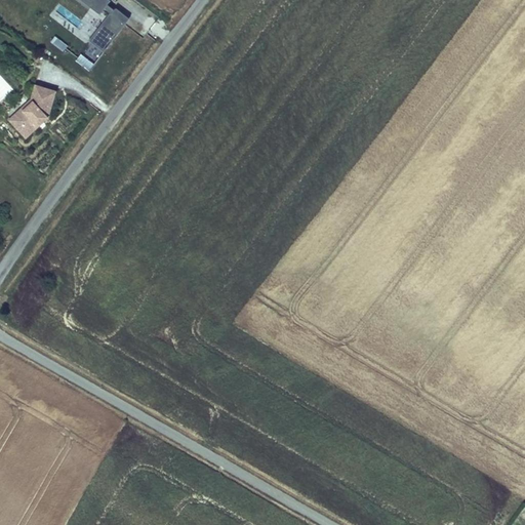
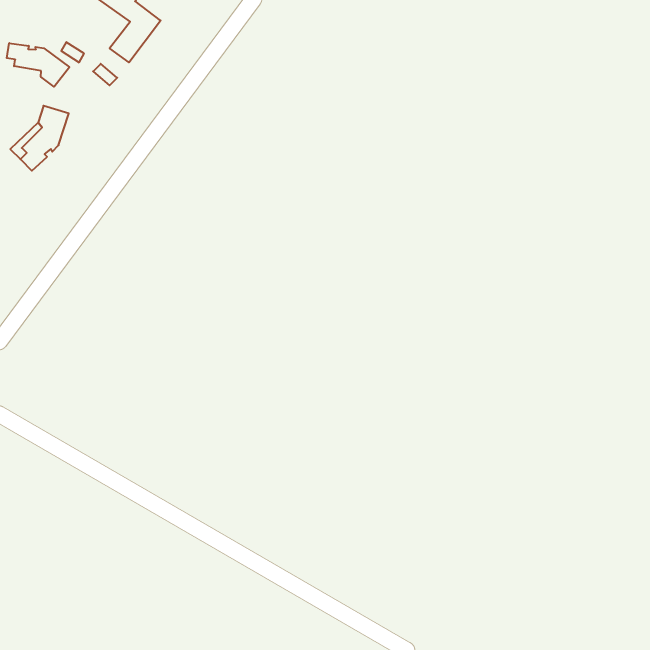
building: none -> [7,43,69,87]

